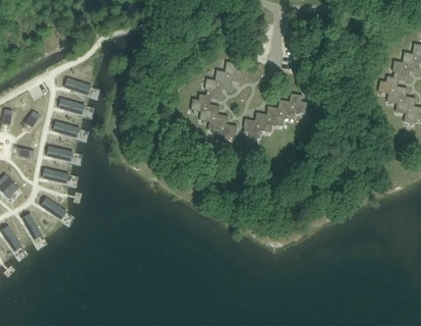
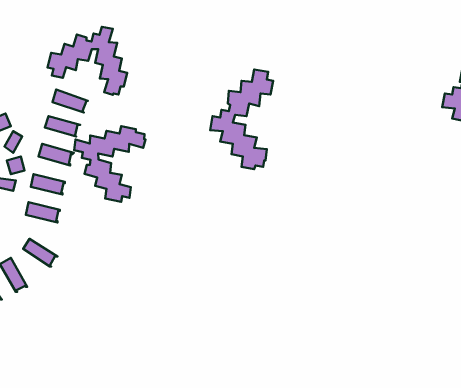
building: none -> [47,27,127,95]
building: [244,92,307,138] -> none
building: none -> [74,126,145,202]

